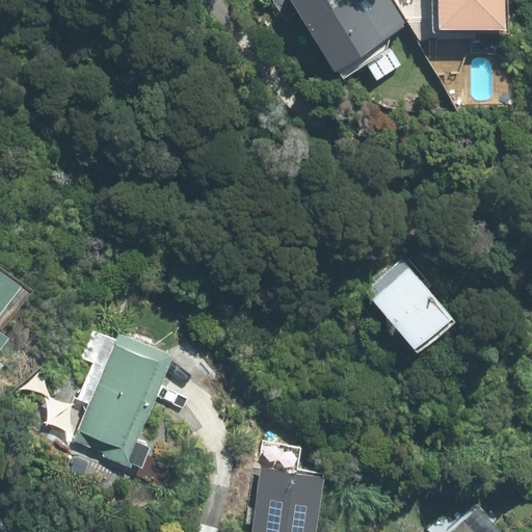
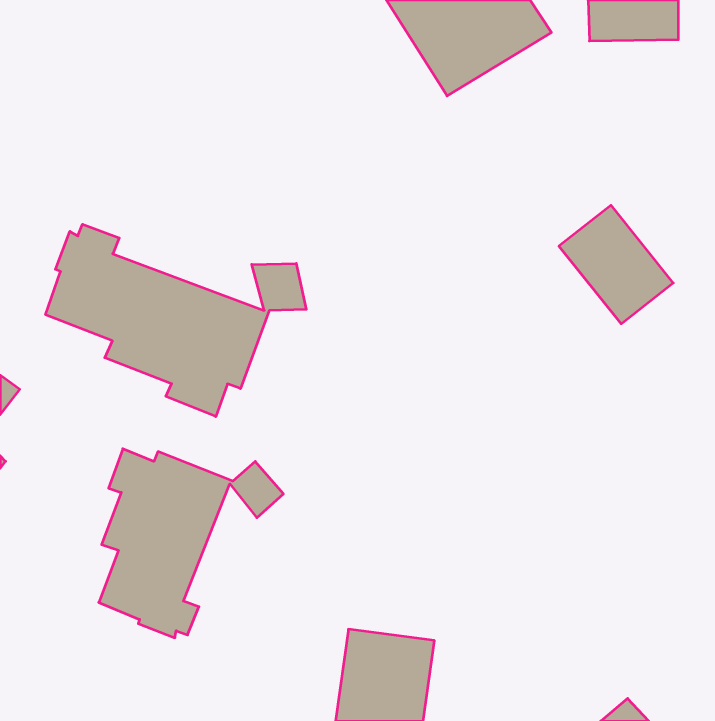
building: none -> [46,224,306,417]
building: [365,261,449,348] -> [559,205,673,324]

